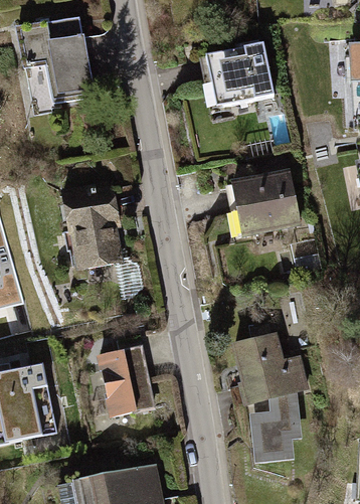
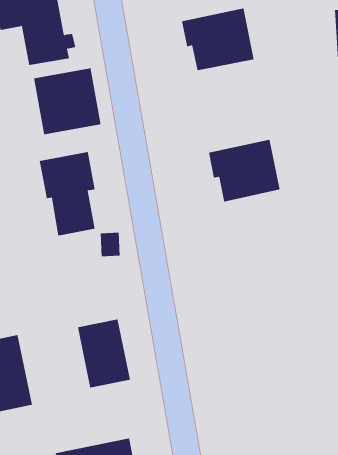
building: none -> [33,68,101,135]
building: [234,333,305,456] -> none

